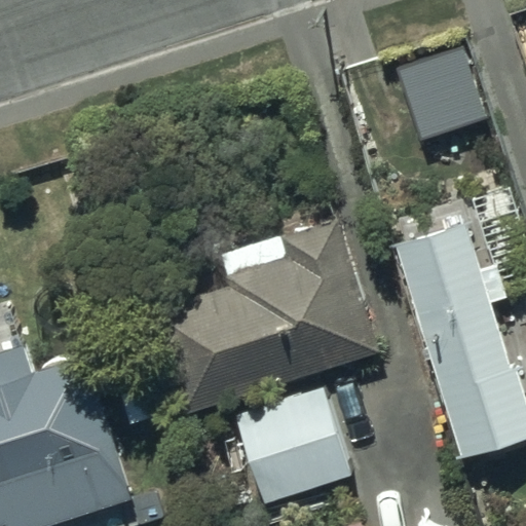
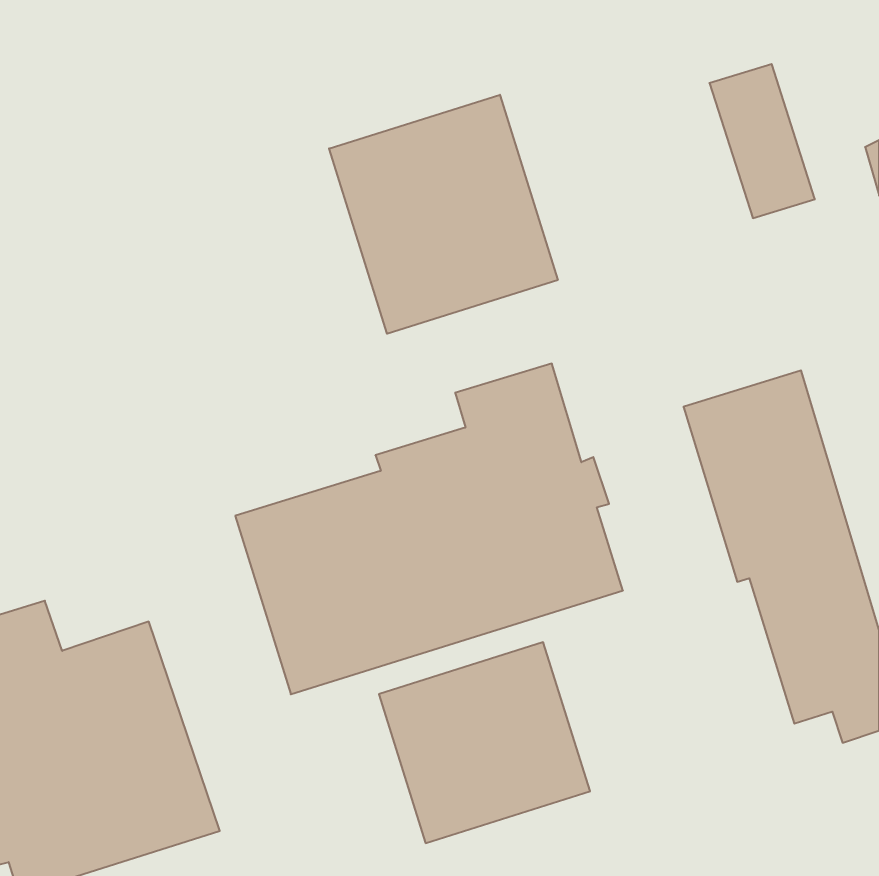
building: none -> [329,95,558,334]

